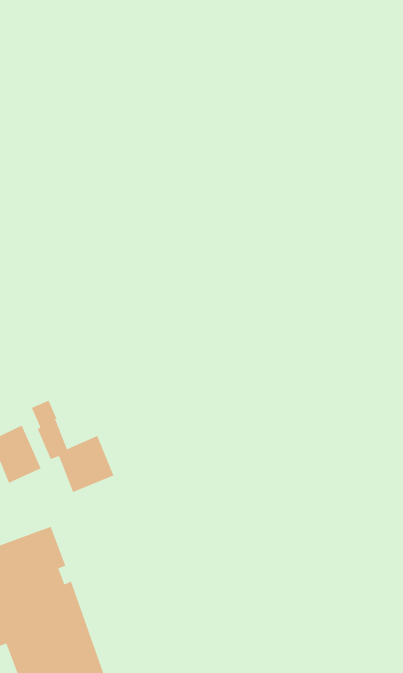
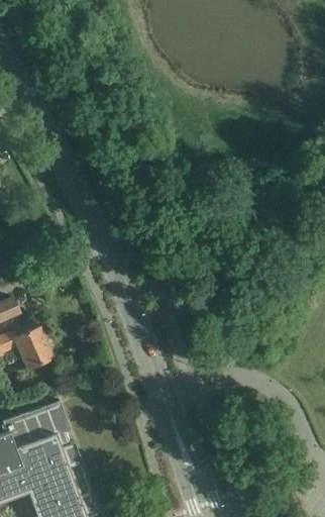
building: [31,400,114,493] -> none

